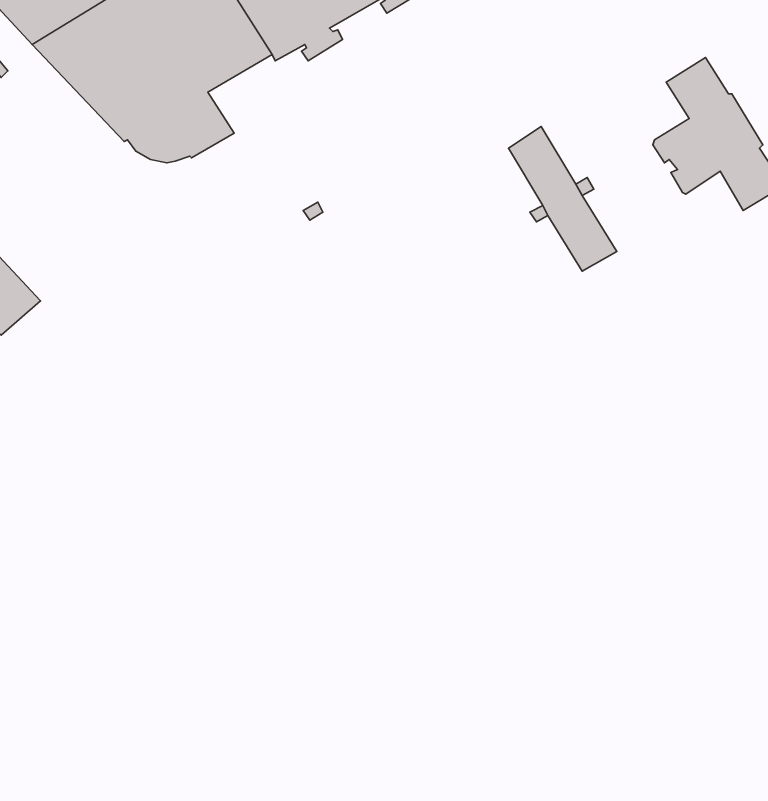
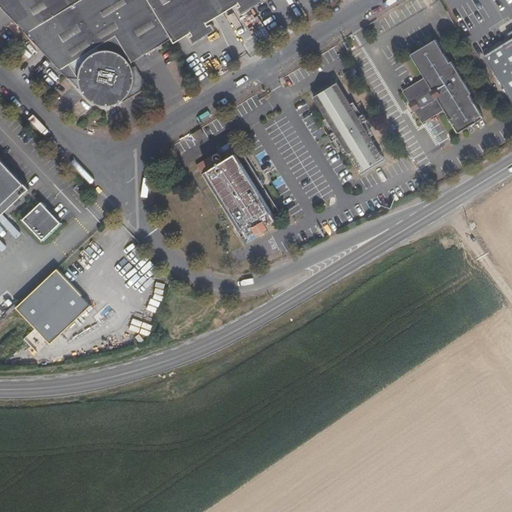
building: none -> [195,138,277,244]
building: none -> [22,201,60,239]
building: none -> [15,268,91,343]

